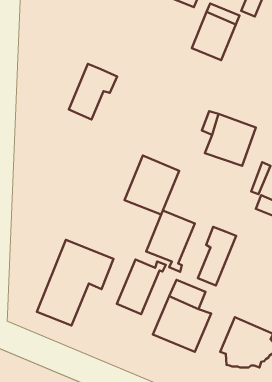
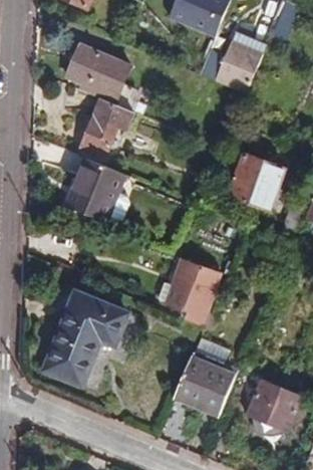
building: none -> [66,45,129,104]
building: [125,155,179,215] -> [64,158,124,223]
building: [198,227,236,285] -> none
building: [117,259,166,314] -> none

